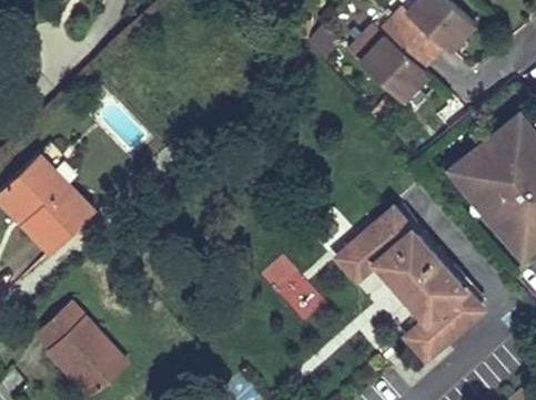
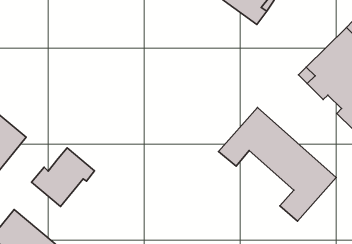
building: none -> [31,148,95,206]
building: [261,257,326,325] -> none

